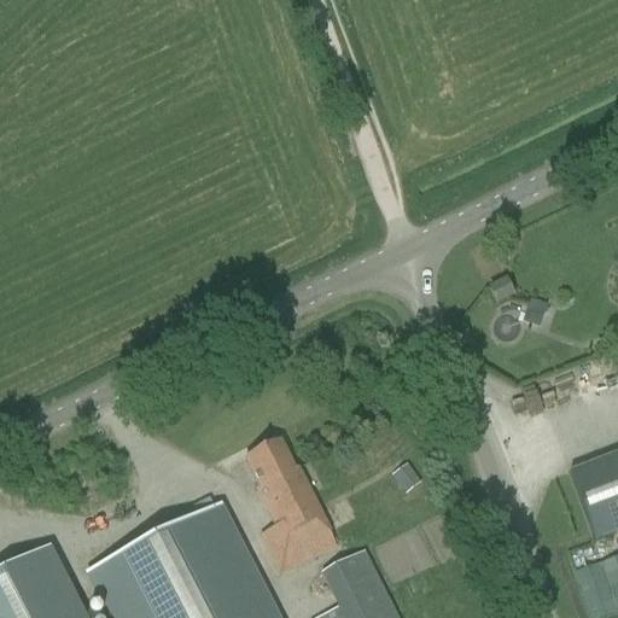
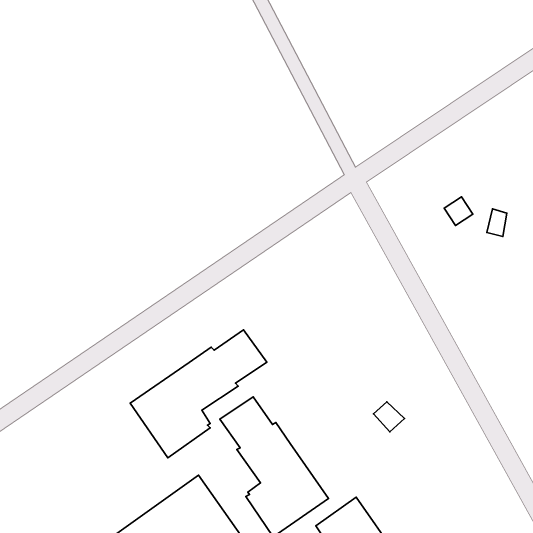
building: none -> [130,330,267,458]

